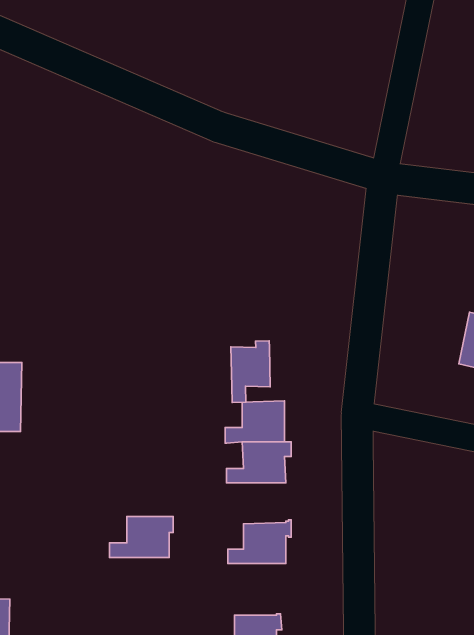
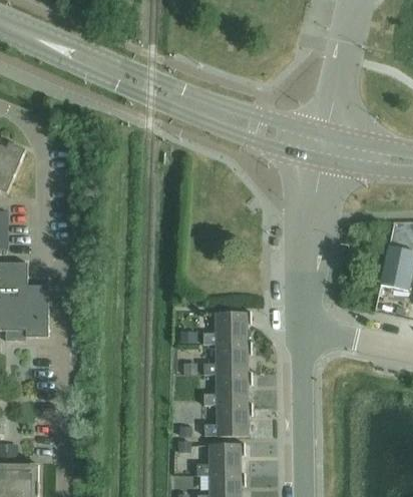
building: [231,341,270,402] -> none
building: none -> [202,375,248,406]
building: [110,517,173,558] -> [195,444,244,475]

